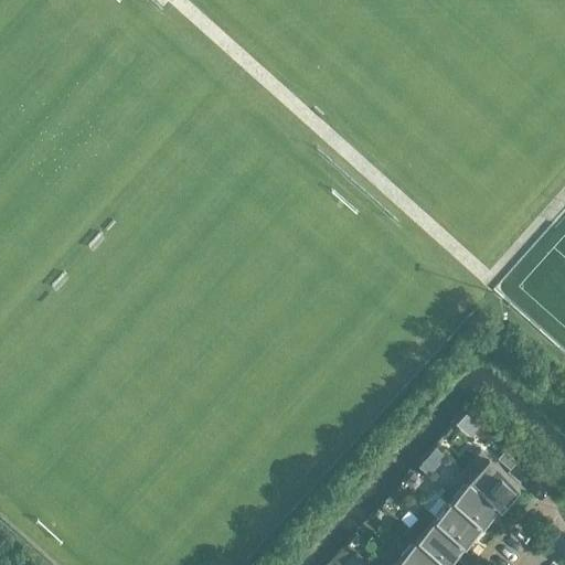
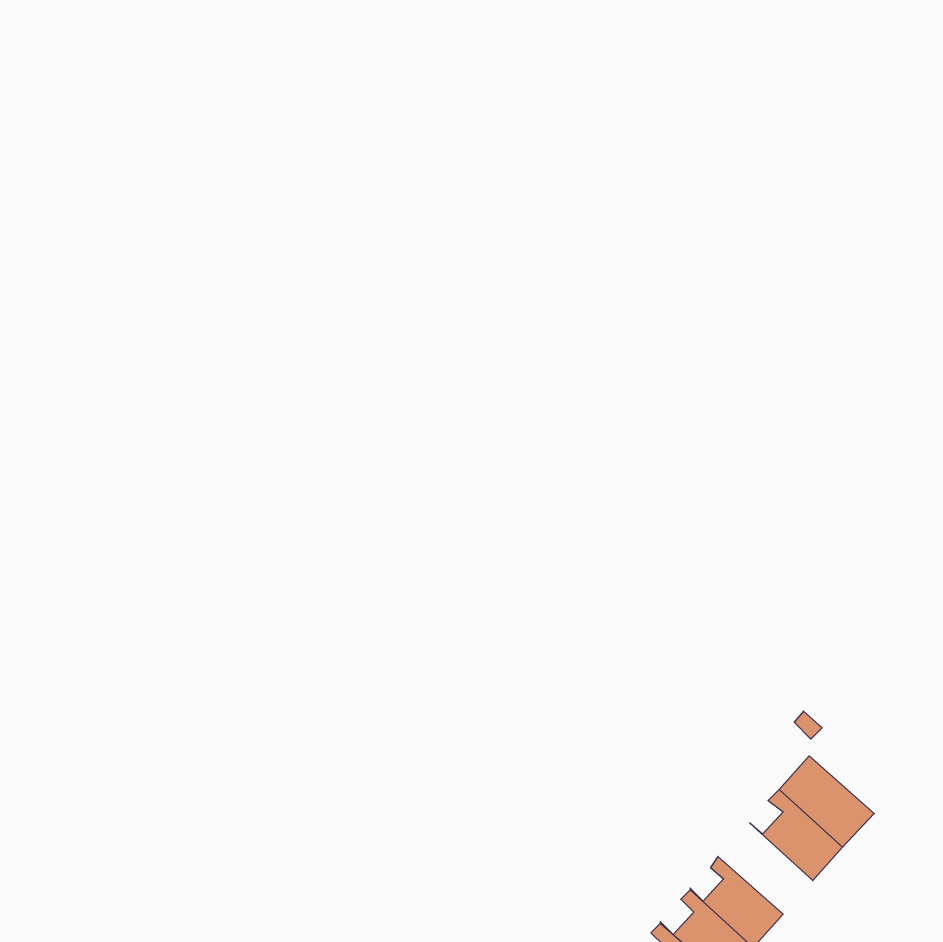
building: [430,493,487,547] -> none

